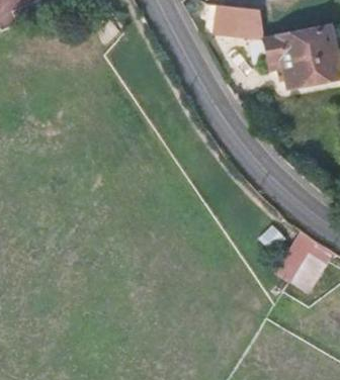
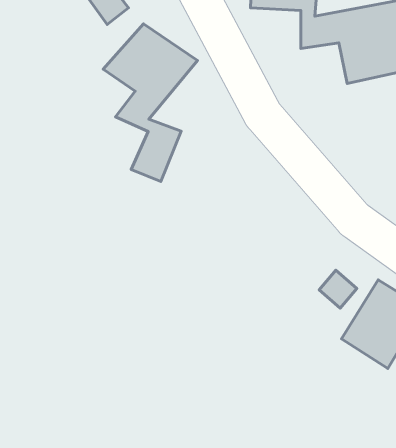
building: none -> [103,24,197,182]

